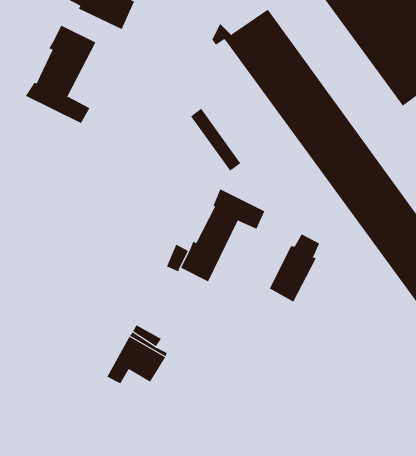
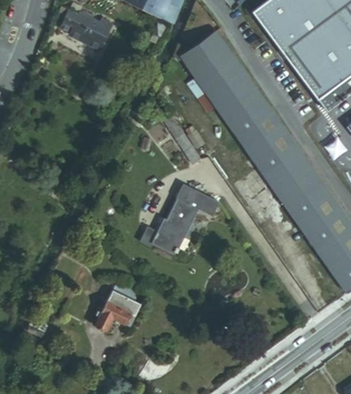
building: [25,25,96,124] -> none
building: [269,233,320,302] -> none

